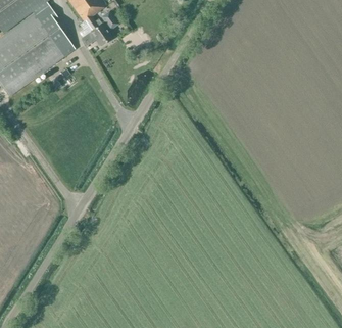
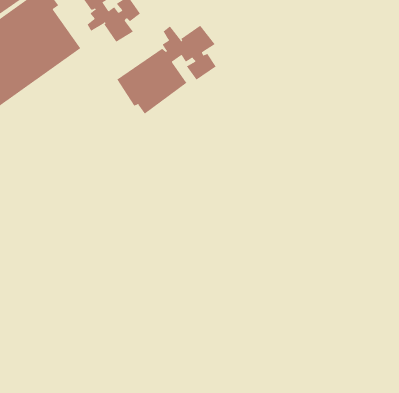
building: none -> [116,25,216,114]

